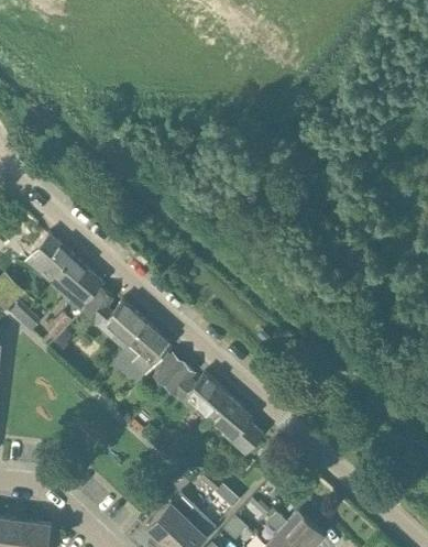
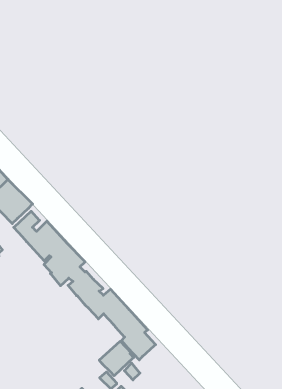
building: none -> [99,341,134,376]

